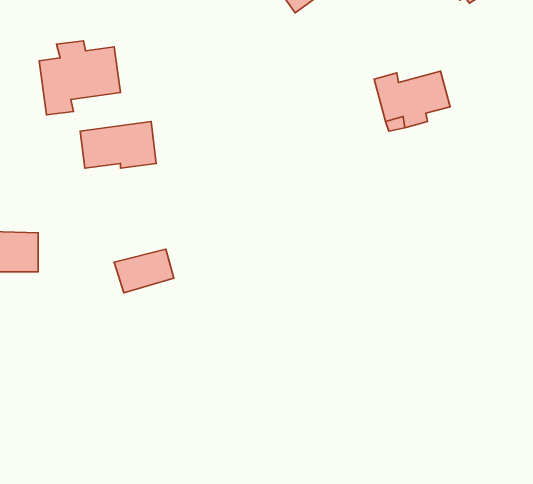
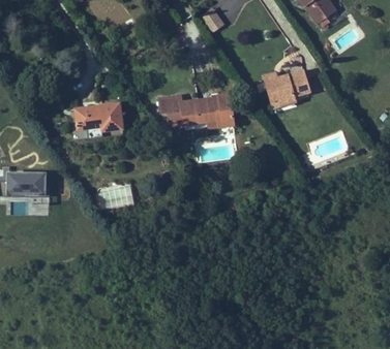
building: [39,41,120,115] -> none
building: none -> [157,92,235,129]

